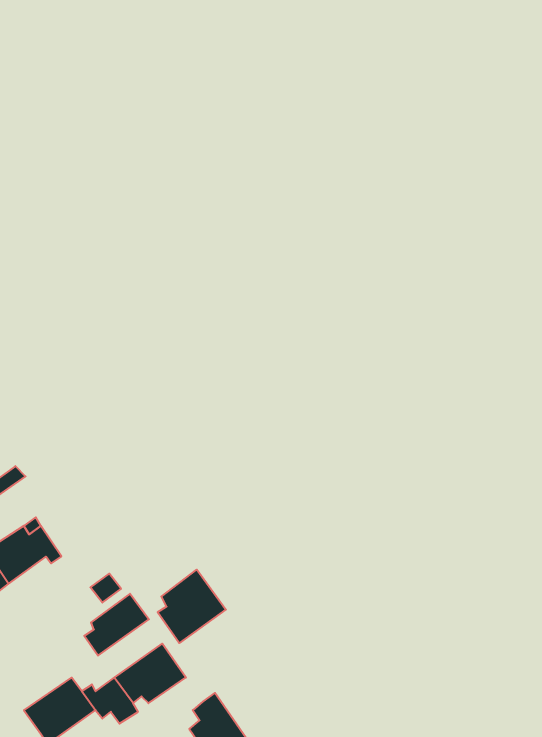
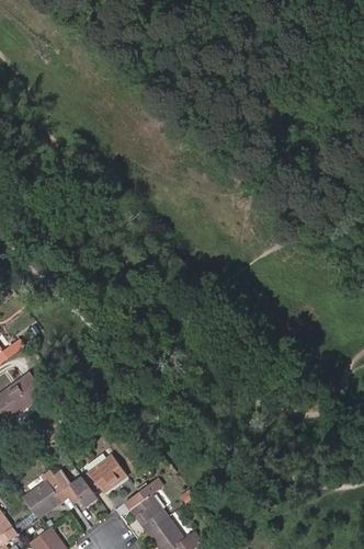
building: [158,570,226,643] -> none
building: [84,594,149,656] -> none

